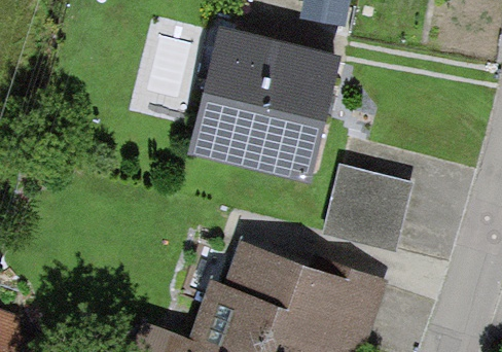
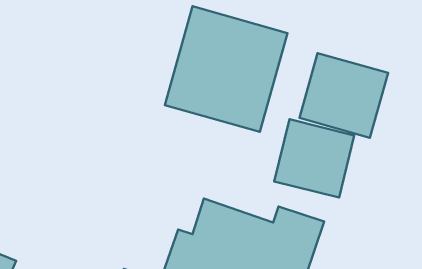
building: none -> [299,53,388,138]

